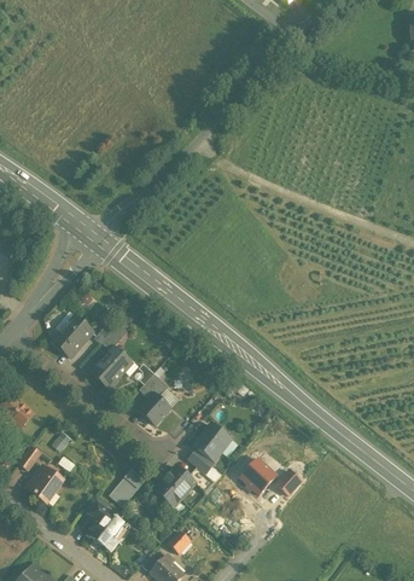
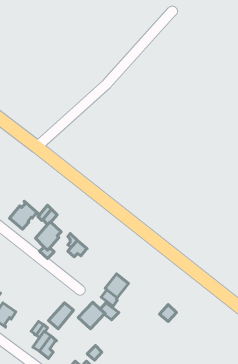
building: [139,388,176,423] -> none
building: [240,458,275,493] -> none

